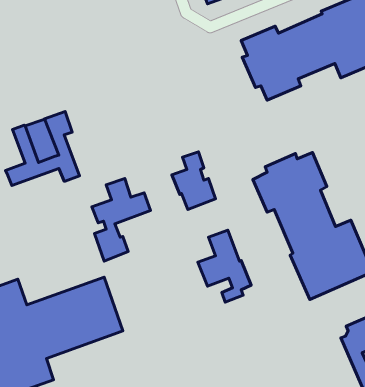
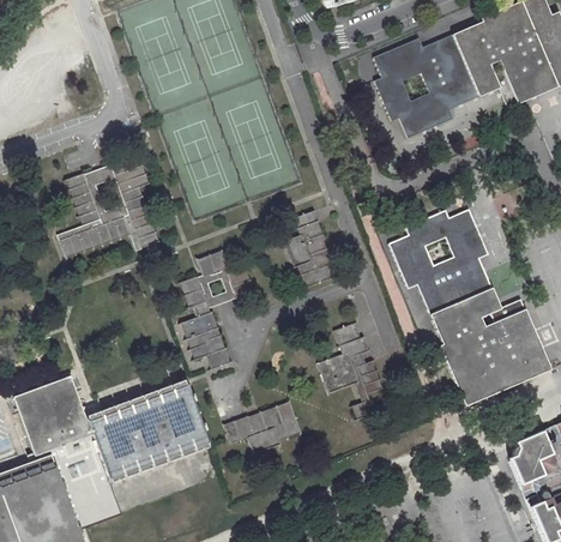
building: none -> [221,393,301,452]

